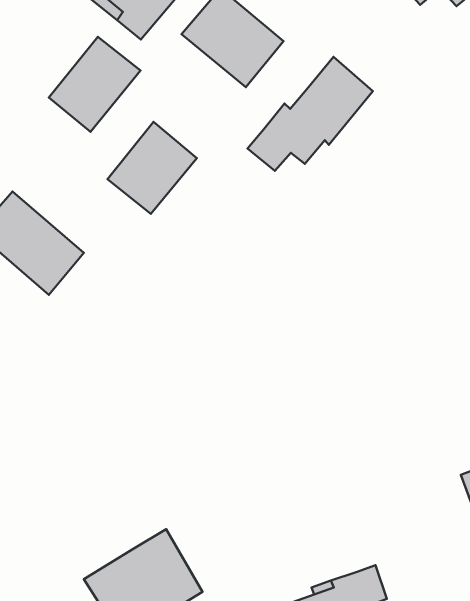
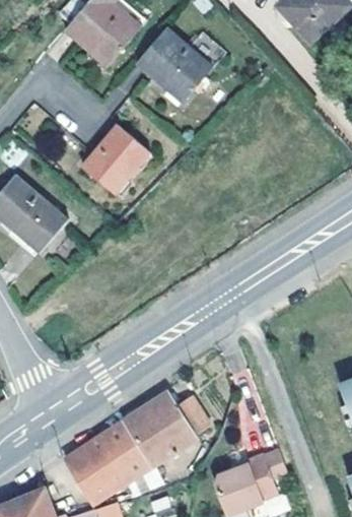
building: [49,37,141,132] -> none
building: [247,57,373,171] -> none
building: none -> [125,393,209,467]

